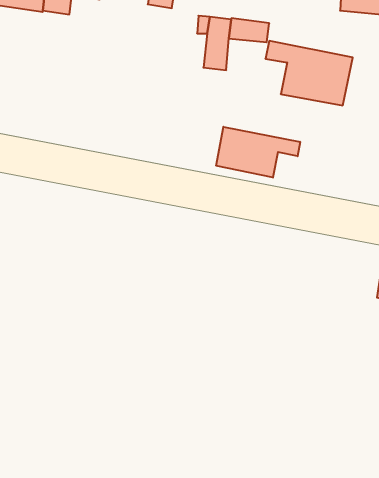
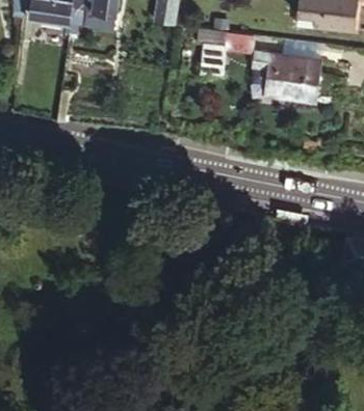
building: [216,127,300,178] -> none

